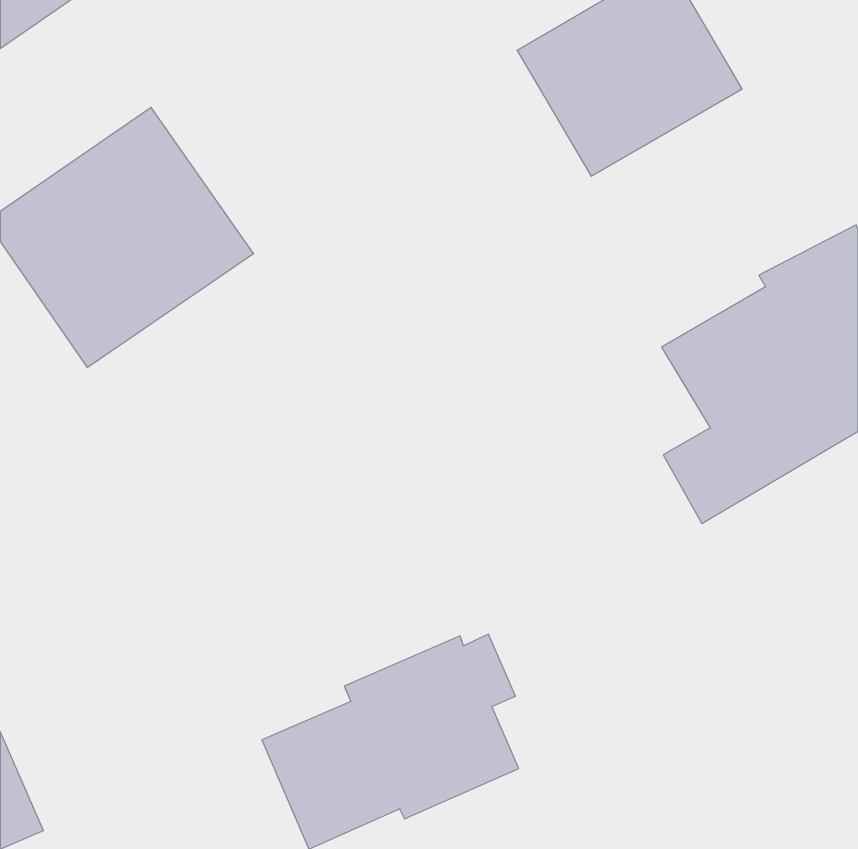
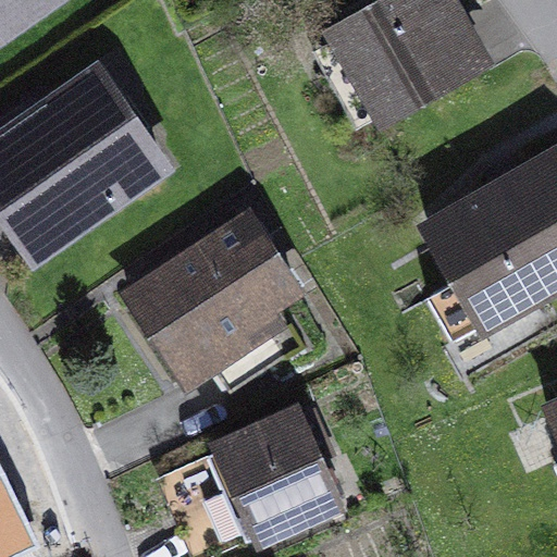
building: none -> [134,215,295,388]

